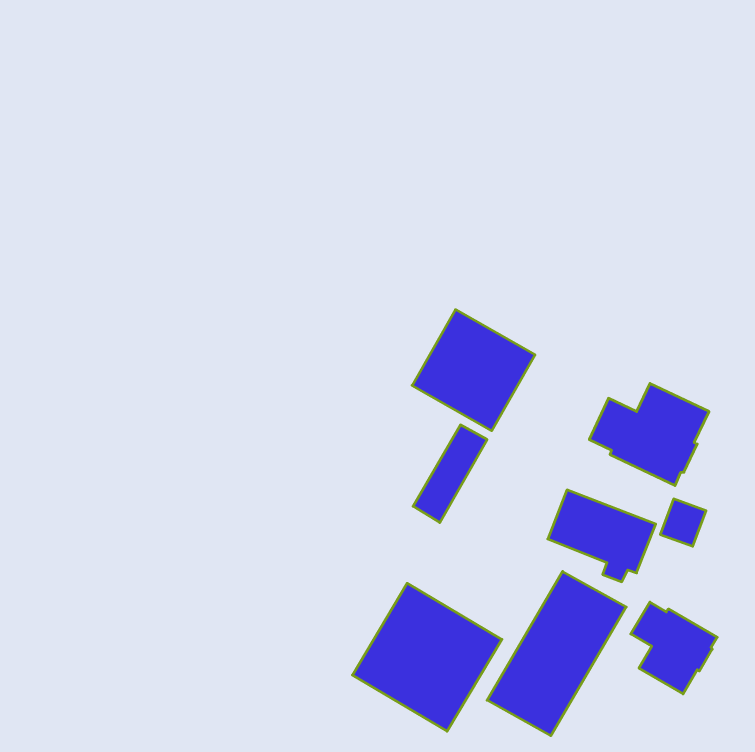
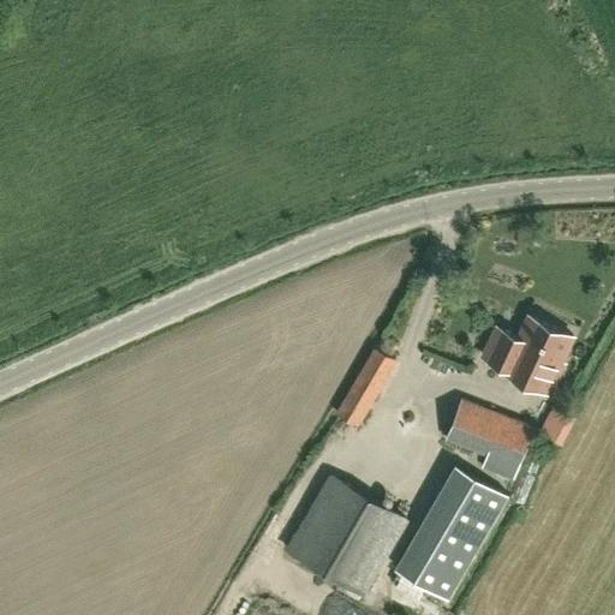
building: [412,310,535,431] -> none
building: [631,602,717,694] -> none

